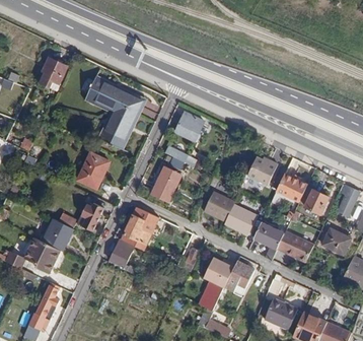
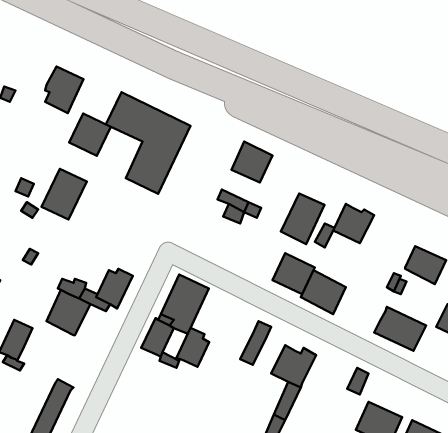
building: none -> [69,114,111,156]
building: [77,152,110,189] -> [42,169,87,220]
building: [150,166,181,203] -> [281,193,325,244]
building: [276,174,308,202] -> none
building: [253,222,285,261] -> none
building: [25,237,61,274] -> none
building: none -> [176,328,209,367]
building: [225,262,253,293] -> none

